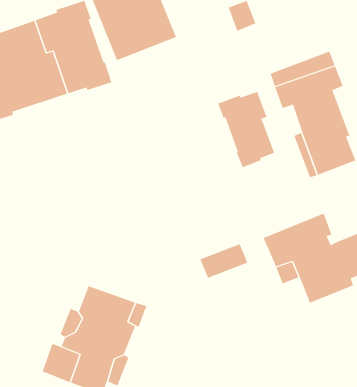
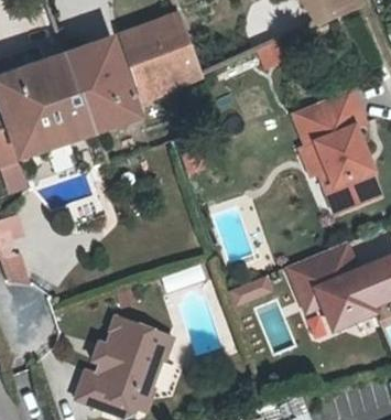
building: [218,91,275,168] -> none

